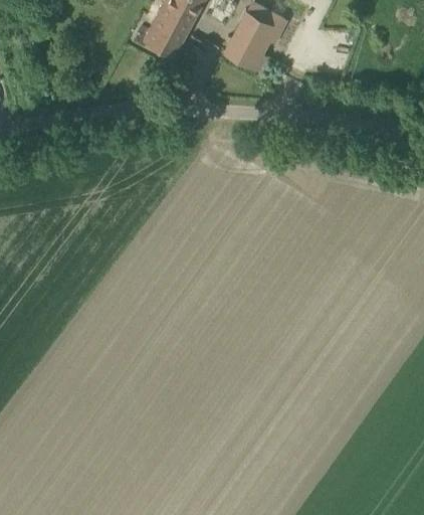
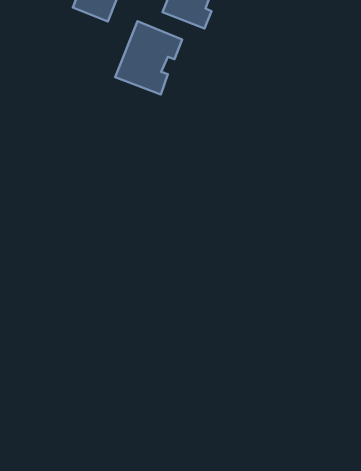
building: none -> [115,21,182,95]

